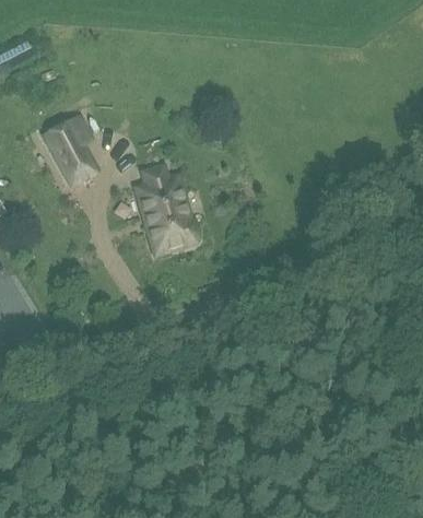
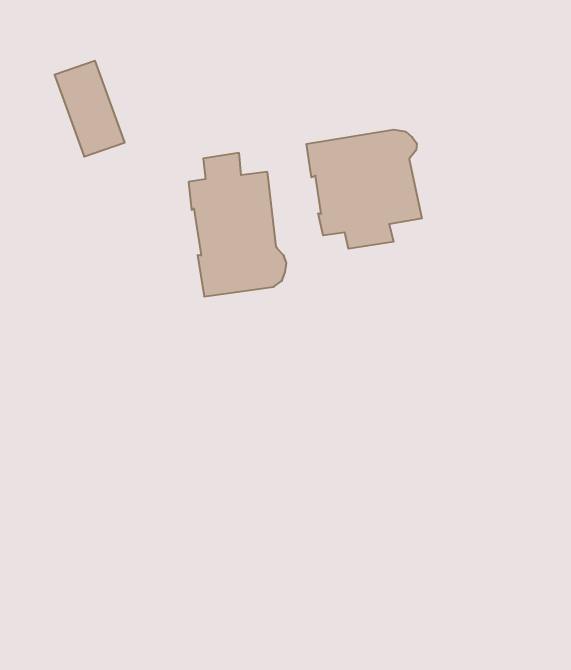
building: none -> [306,130,422,249]

